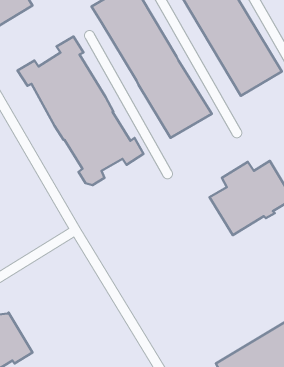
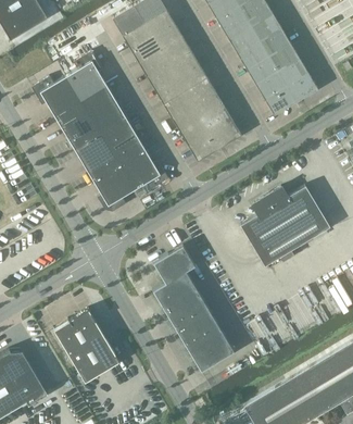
building: none -> [152,246,235,372]
building: none -> [53,310,119,383]

